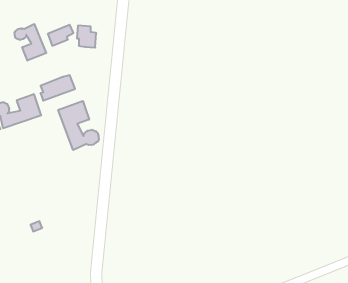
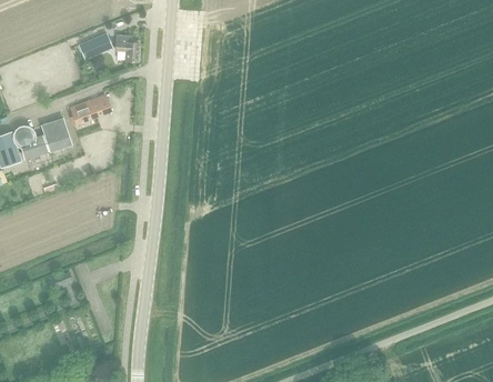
building: [14,24,46,61] -> none
building: [58,101,99,150] -> none

